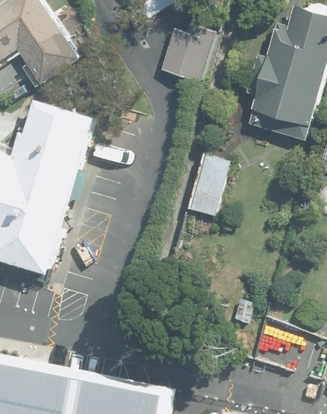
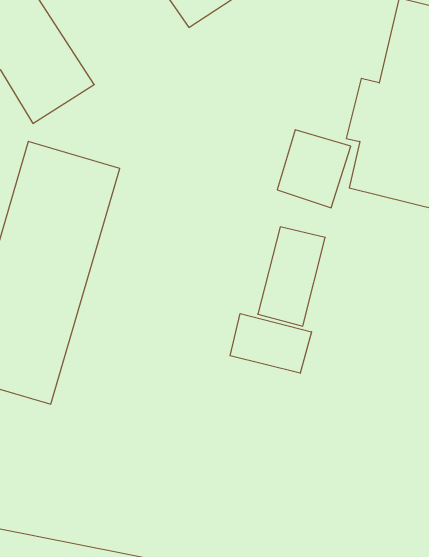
building: [169,23,218,75] -> [277,130,351,208]
building: none -> [230,314,312,373]

